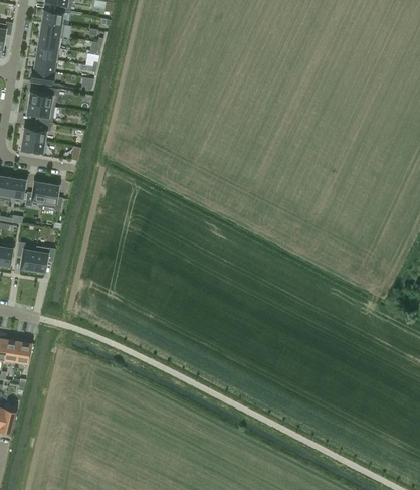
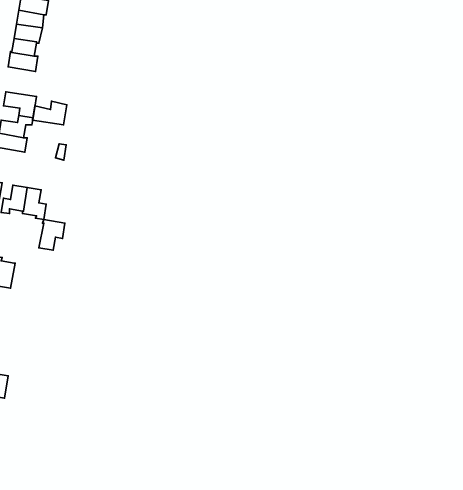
building: [28,88,57,108] -> [33,101,67,125]
building: [32,247,54,273] -> [39,220,65,250]

